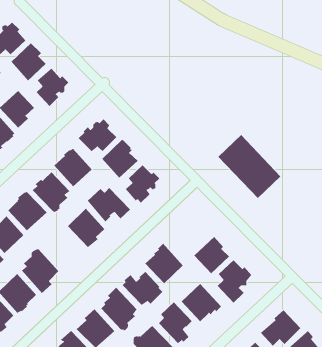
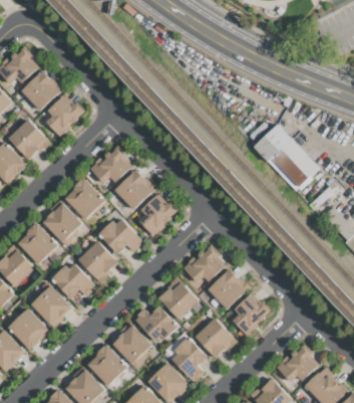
building: [218,134,281,199] -> [253,124,318,190]
building: none -> [183,247,224,283]
building: none -> [52,263,97,299]

